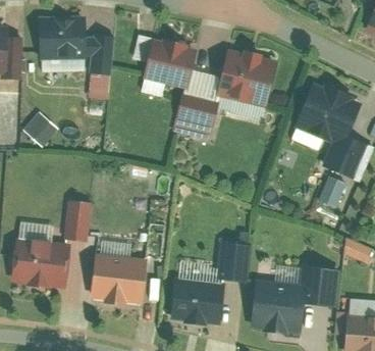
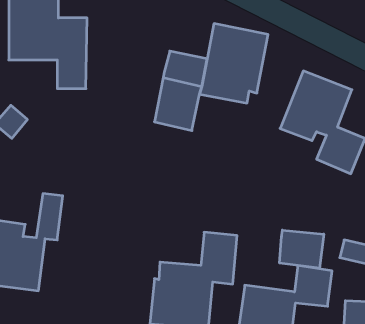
building: [141,38,194,97] -> none
building: [320,176,350,209] -> none
building: none -> [280,230,324,268]
building: [92,240,149,303] -> none

